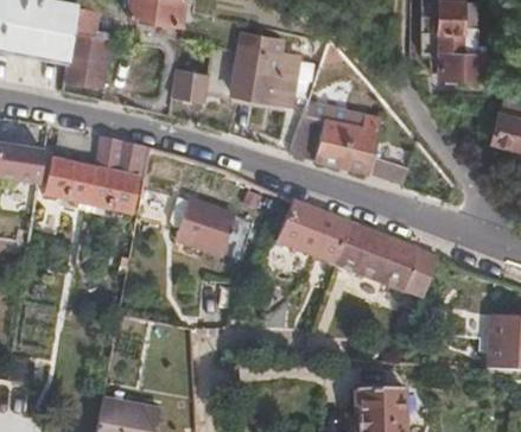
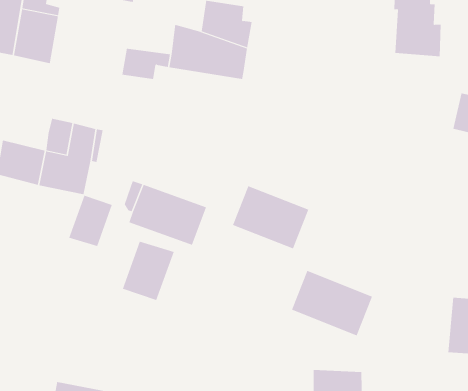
building: [284,96,396,174] -> none
building: none -> [68,195,112,247]
building: [338,227,419,292] -> [291,270,373,336]
building: none -> [122,241,175,301]

